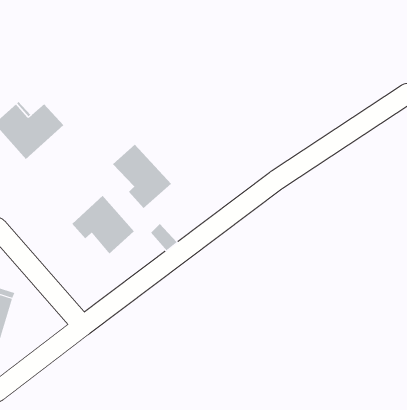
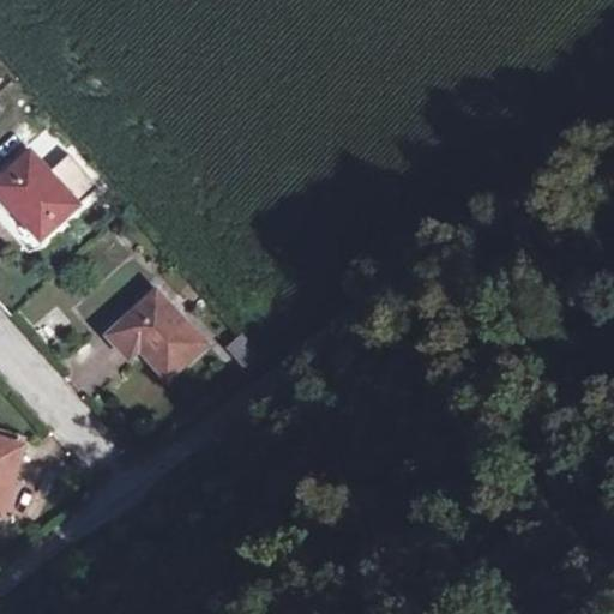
building: [112,144,172,209] -> none

